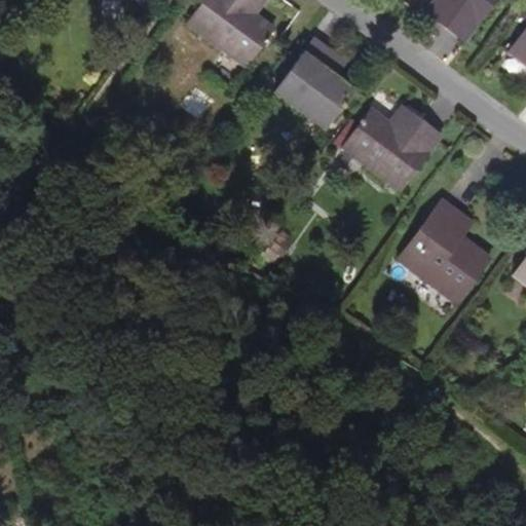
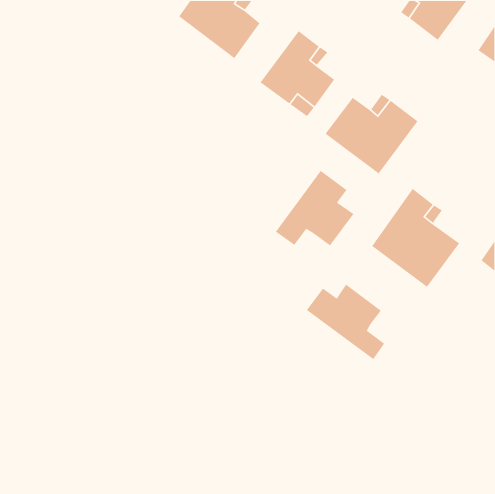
building: none -> [275,170,355,246]
building: none -> [306,284,385,360]

